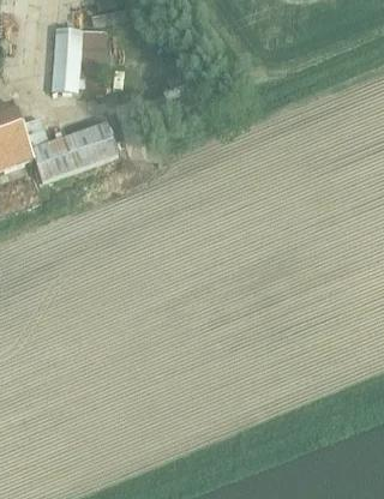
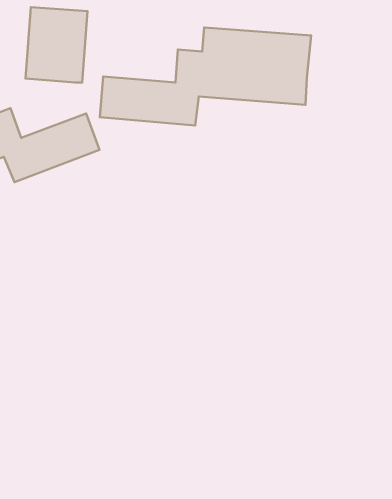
building: none -> [100,27,311,126]

